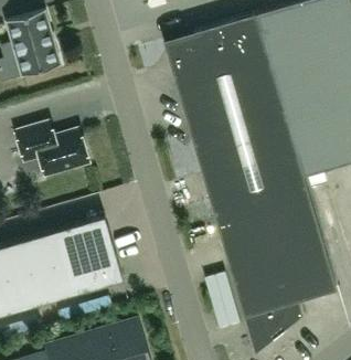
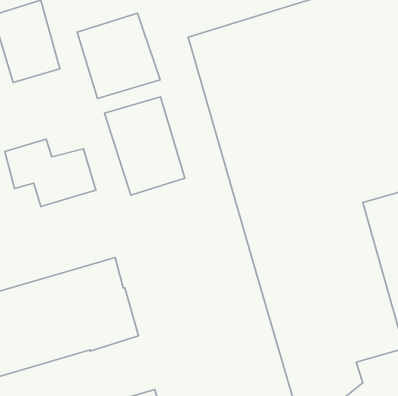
building: none -> [77,13,160,99]
building: none -> [104,97,185,195]

